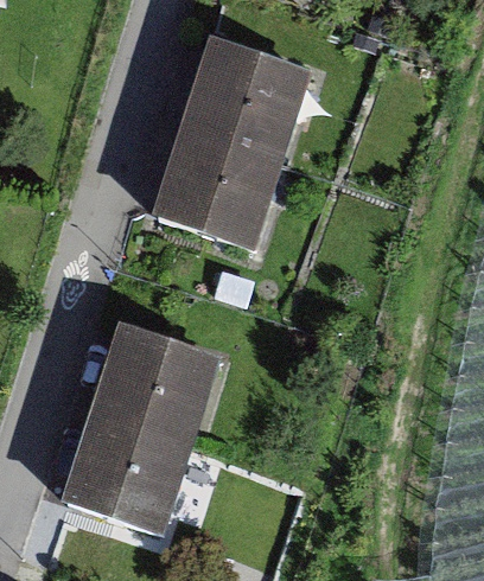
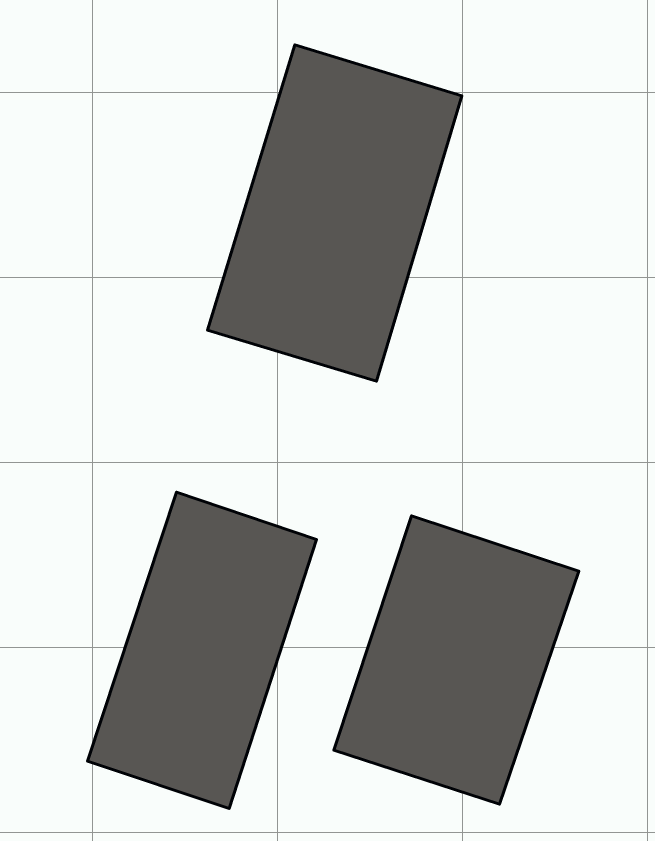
building: none -> [334,516,579,804]

